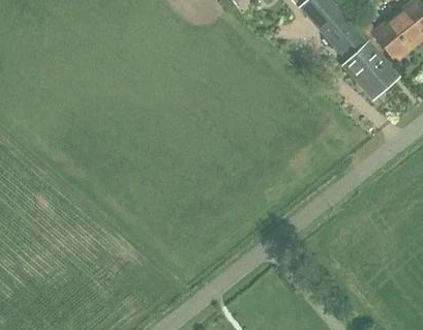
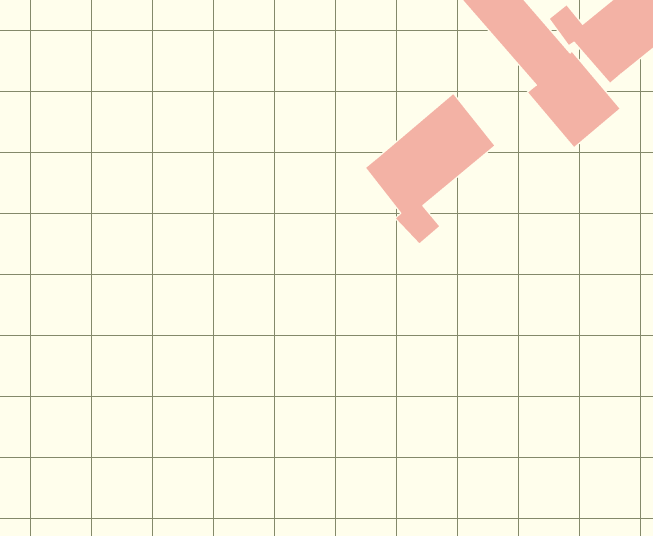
building: none -> [365,93,495,244]

